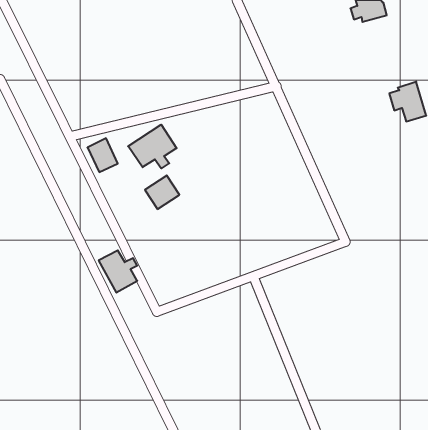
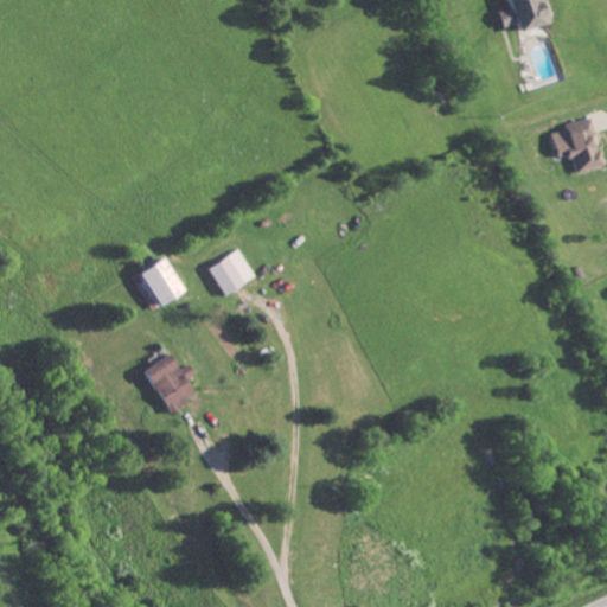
building: [128,125,177,168] -> none
building: [87,138,118,172] -> [139,256,181,304]

